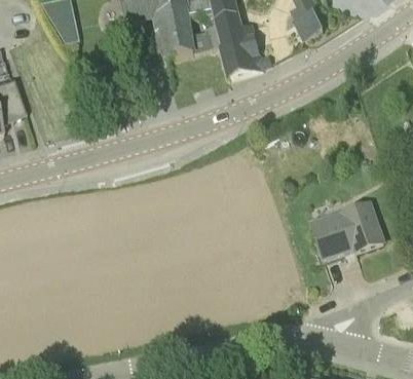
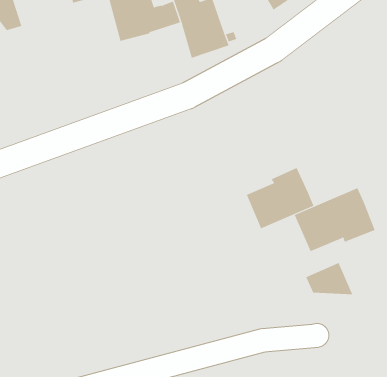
building: none -> [246,167,314,229]
building: none -> [305,262,353,295]

